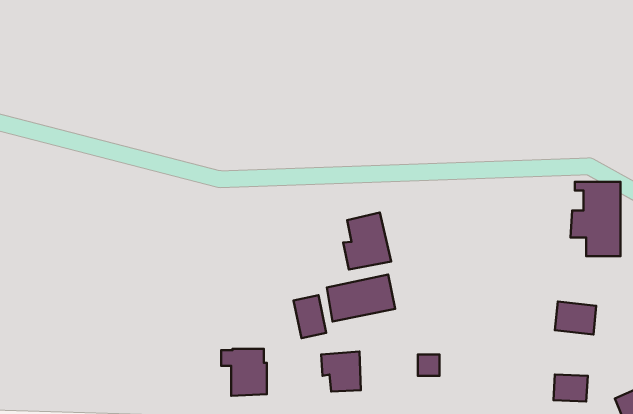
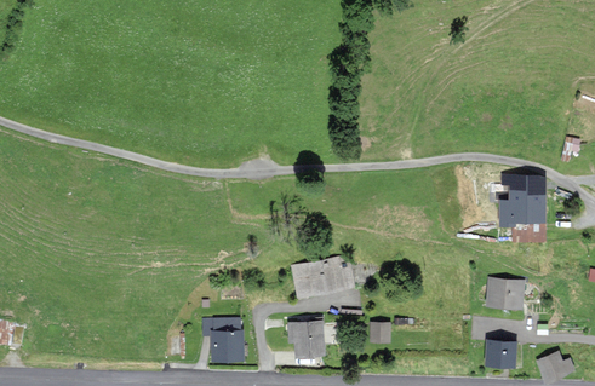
building: [343,213,391,270] -> none
building: [294,295,326,338] -> none

